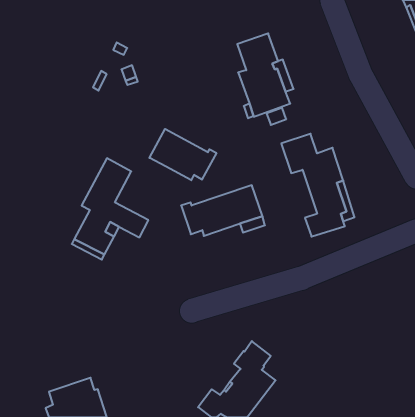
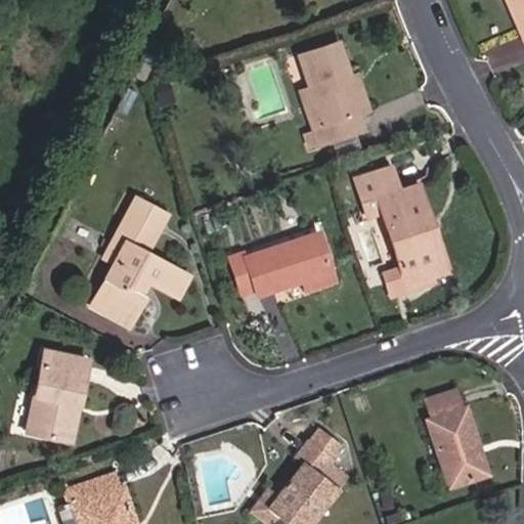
building: [149,129,216,180] -> none
building: none -> [27,351,89,442]
building: none -> [427,391,488,487]

